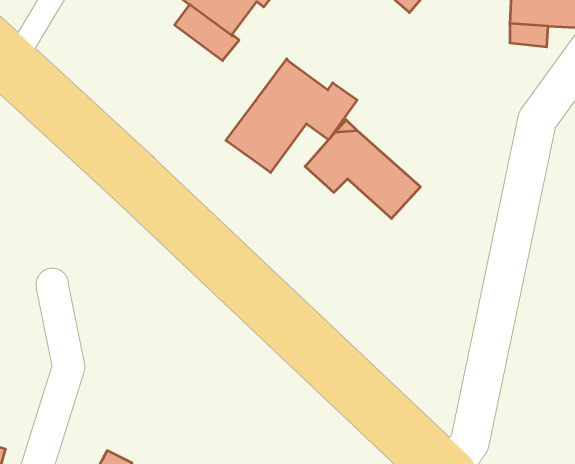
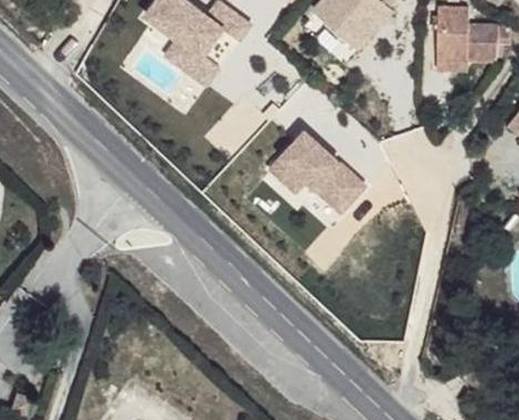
building: [226,59,357,173] -> none

